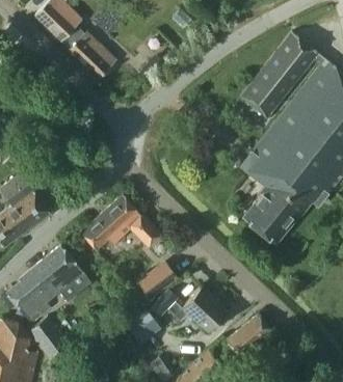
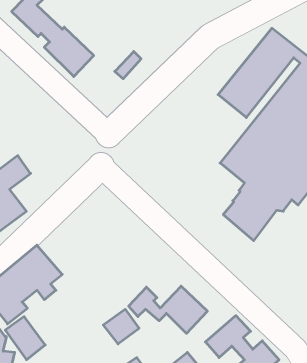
building: [81,195,161,255] -> none
building: [137,261,178,299] -> none

